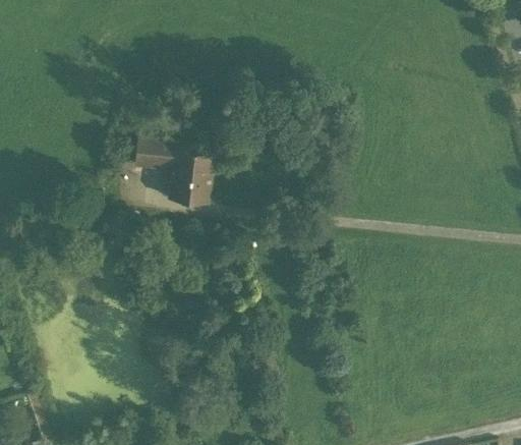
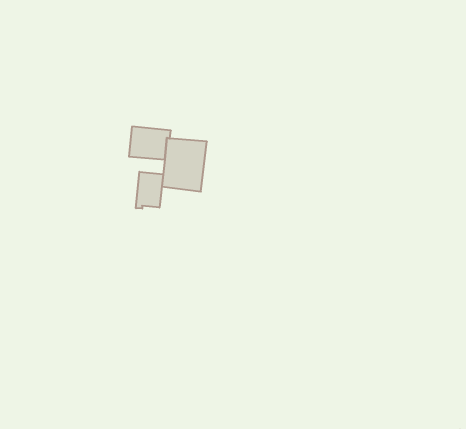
building: none -> [136,172,163,209]

